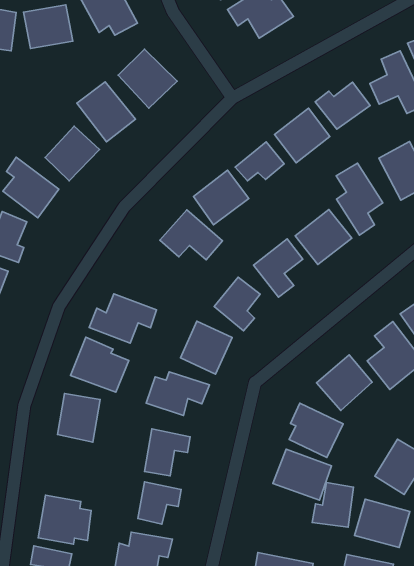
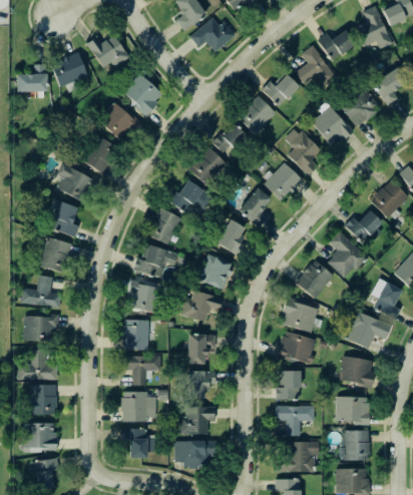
building: none -> [147,207,181,244]
building: none -> [122,355,161,386]
building: [312,482,354,527] -> [276,371,301,400]

